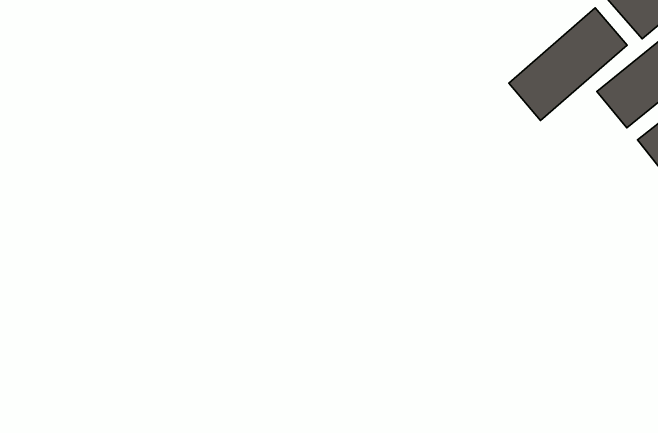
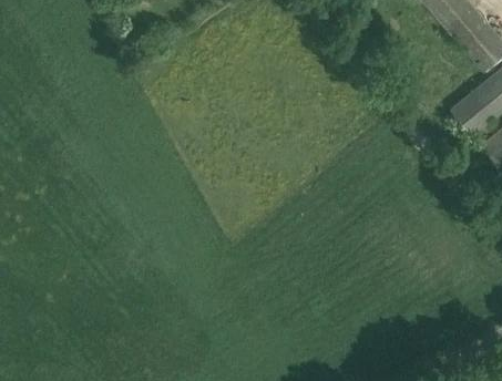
building: [509,8,627,121] -> none

